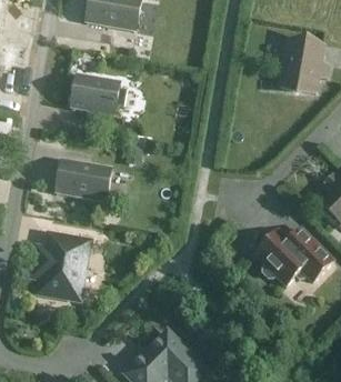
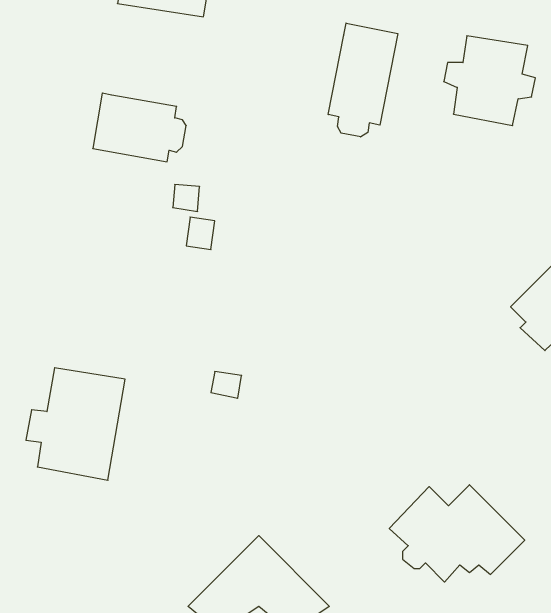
building: none -> [328,23,398,137]
building: [54,159,110,200] -> none
building: [253,228,332,284] -> [389,485,525,582]

